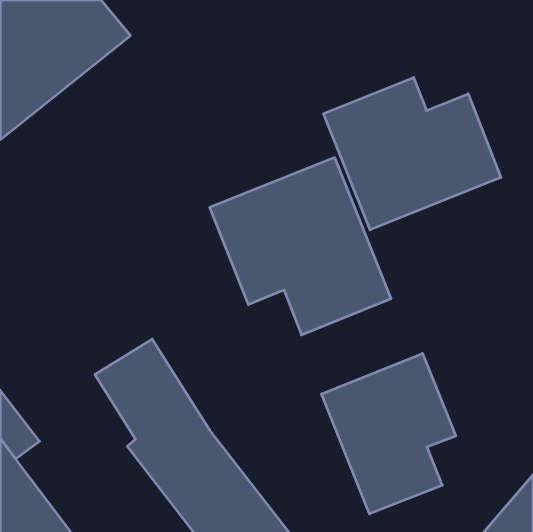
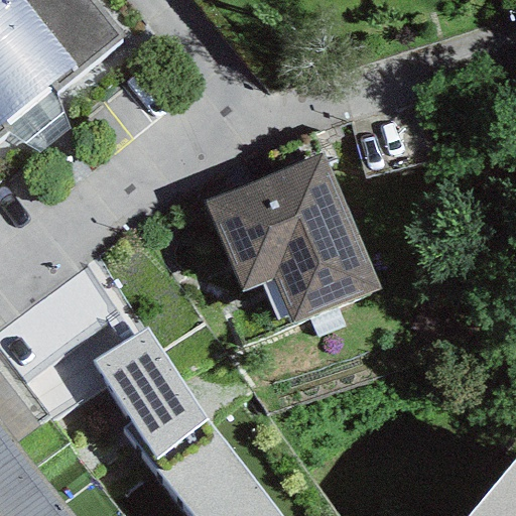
building: [324,77,501,230] -> none
building: [322,353,456,514] -> none

